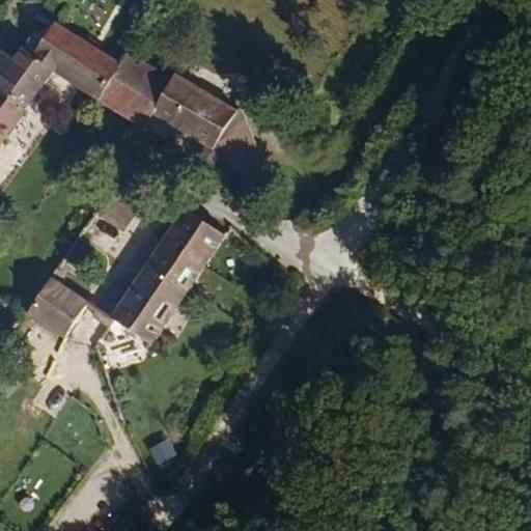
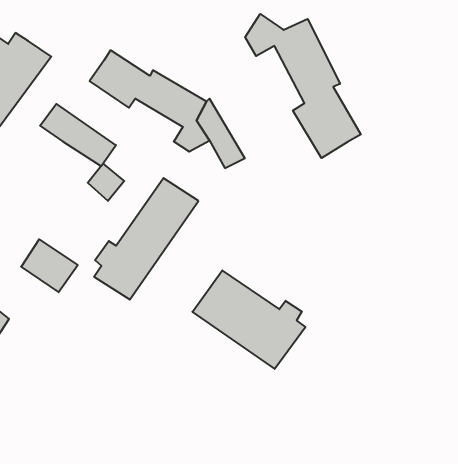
building: none -> [245,14,361,158]
building: [32,25,118,95] -> [40,104,116,166]
building: none -> [192,270,305,369]

